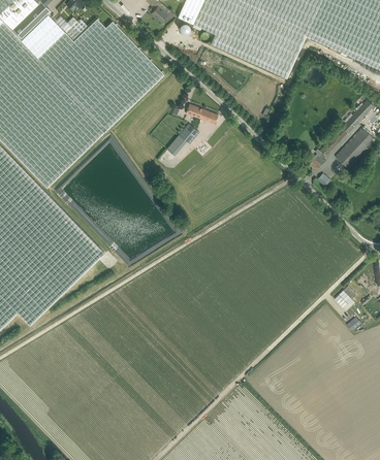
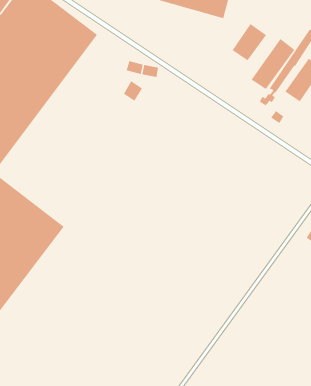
building: none -> [232,23,267,61]
building: none -> [251,38,295,90]

